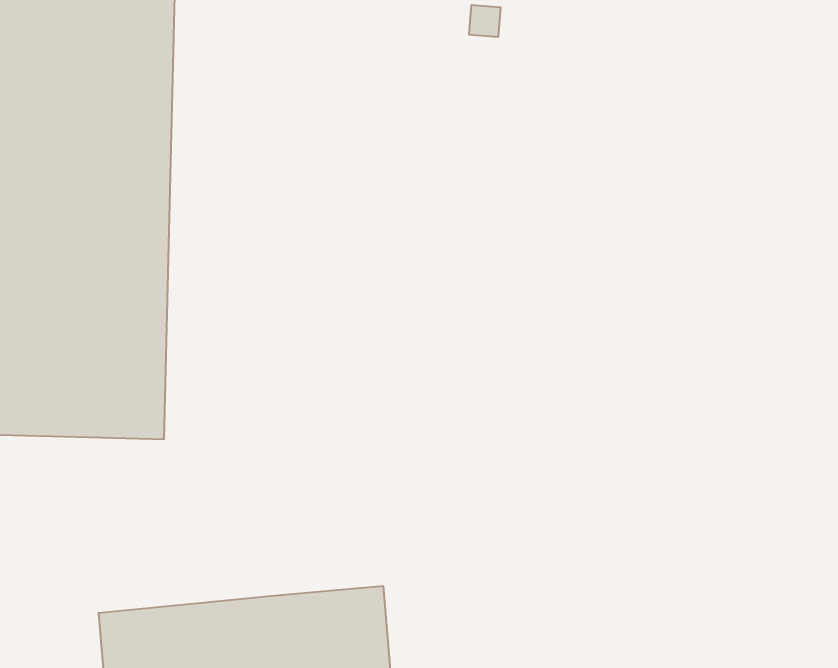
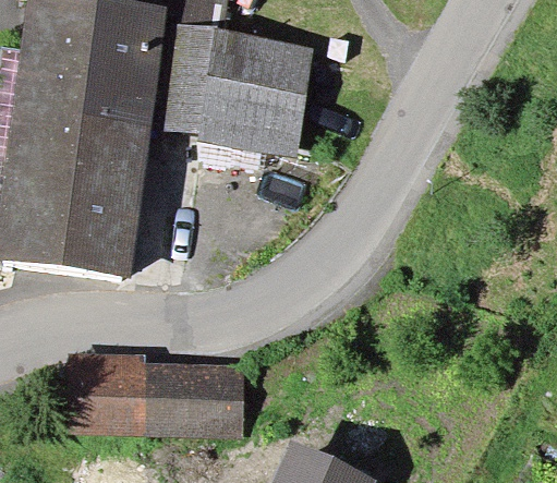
building: none -> [162,27,312,146]

